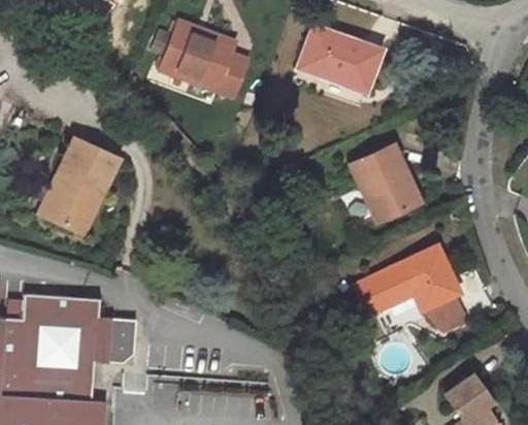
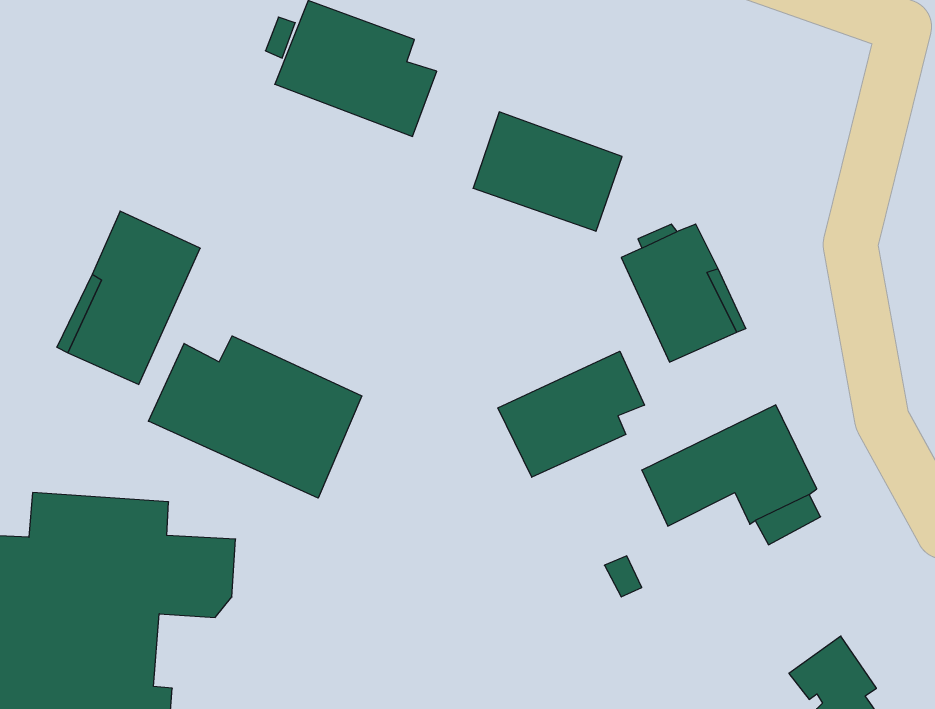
building: [299,26,382,92] -> [473,112,622,231]
building: none -> [148,336,362,498]
building: none -> [498,351,644,477]

